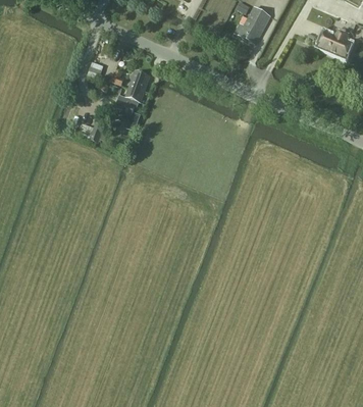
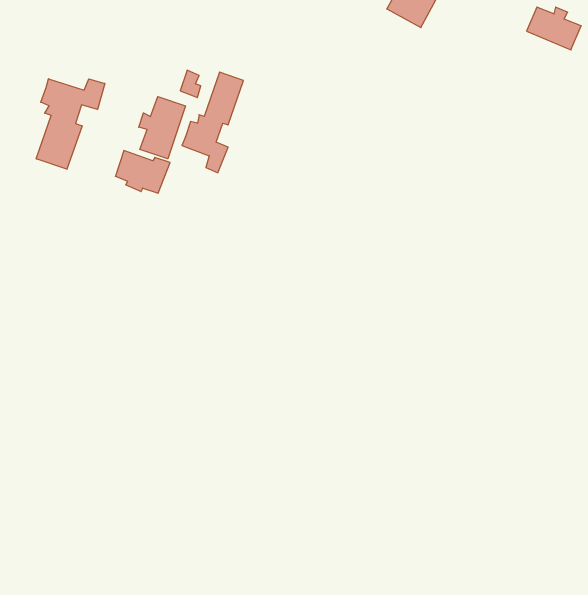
building: none -> [36,79,105,169]
building: none -> [139,97,186,159]

